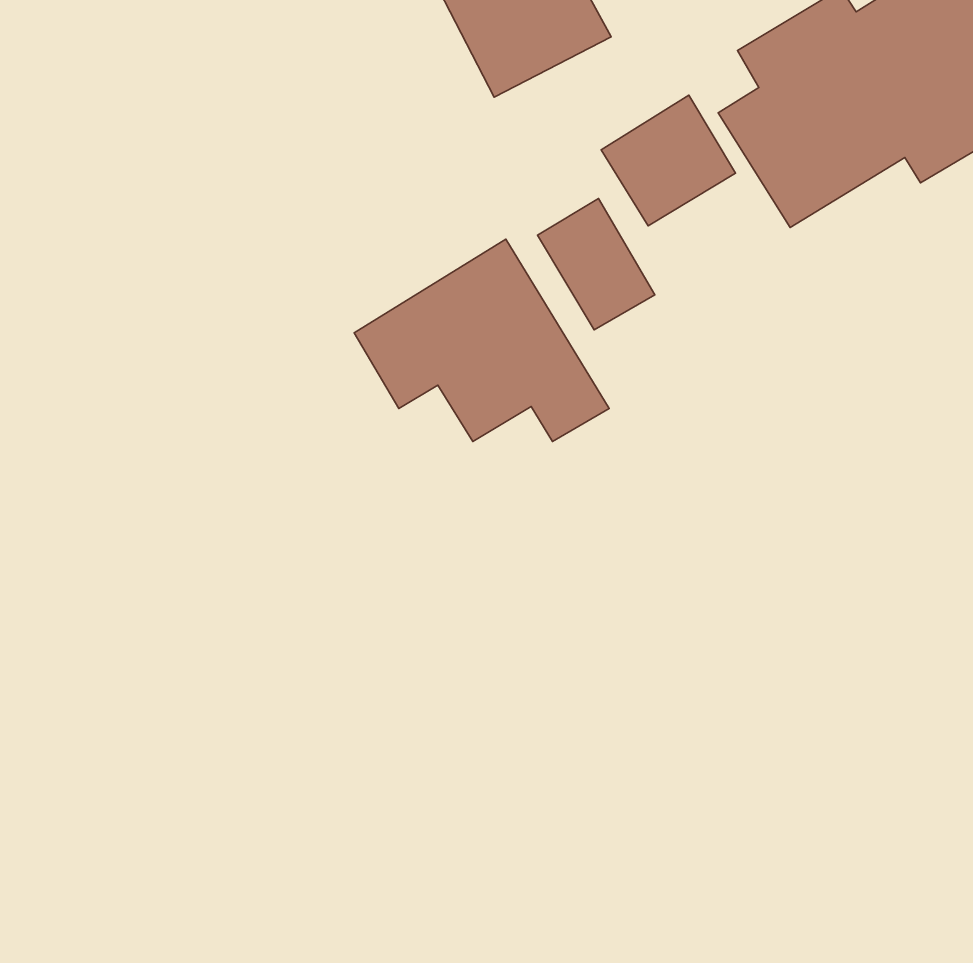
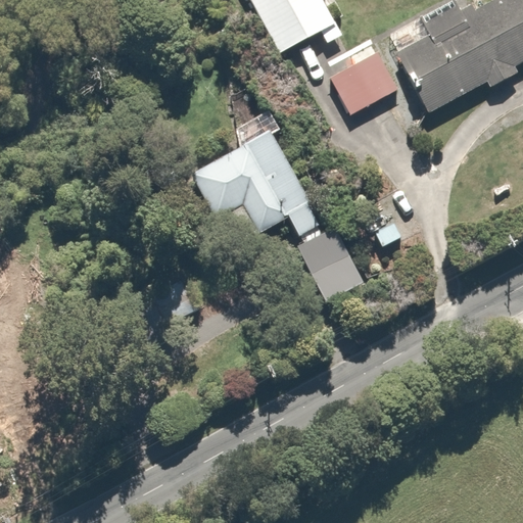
building: [537,199,655,330] -> none
building: none -> [297,229,367,303]

